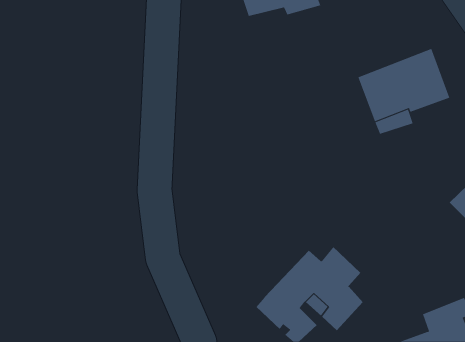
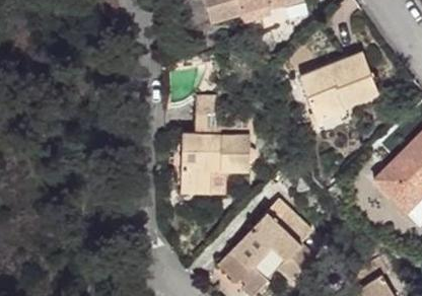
building: none -> [178,94,250,190]

